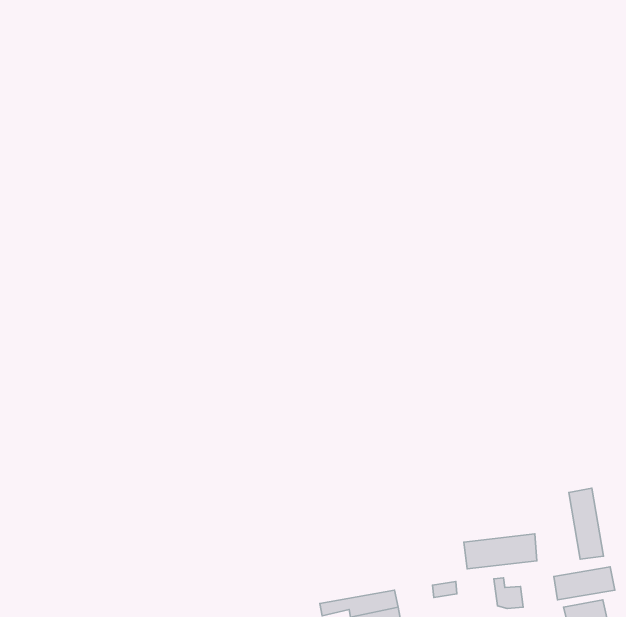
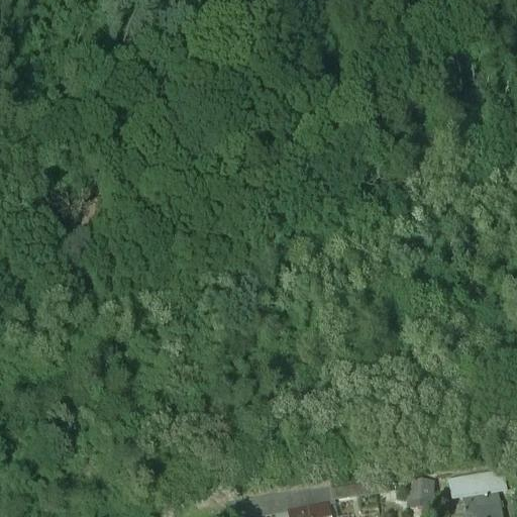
building: [569,488,604,559] -> none
building: [464,534,537,569] -> none

